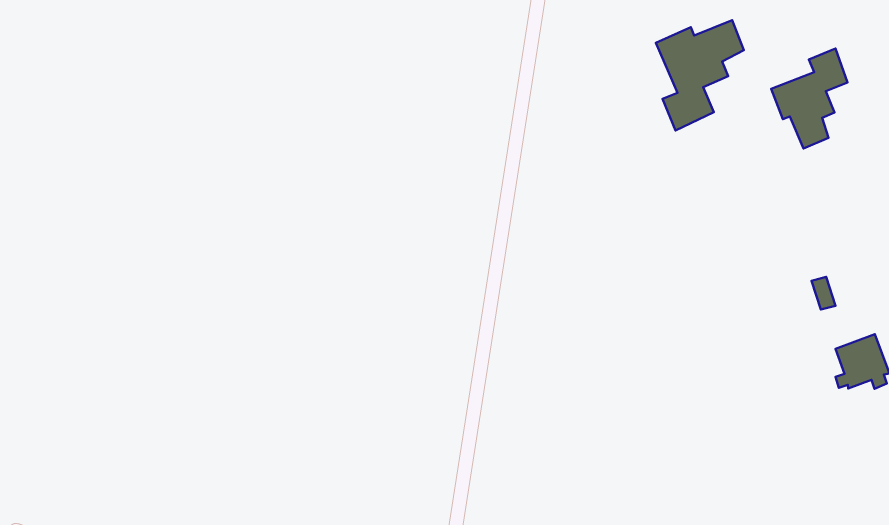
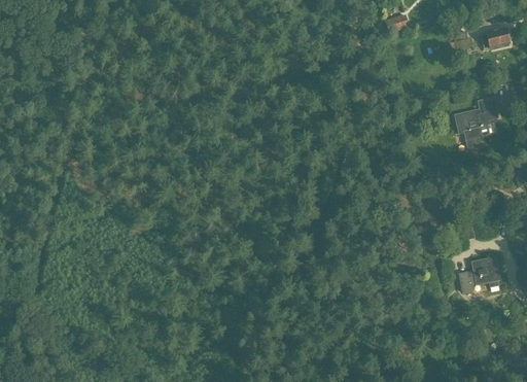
building: [656,20,744,130] -> none

